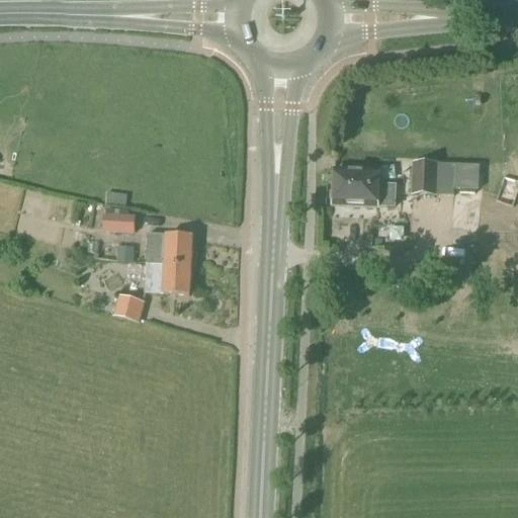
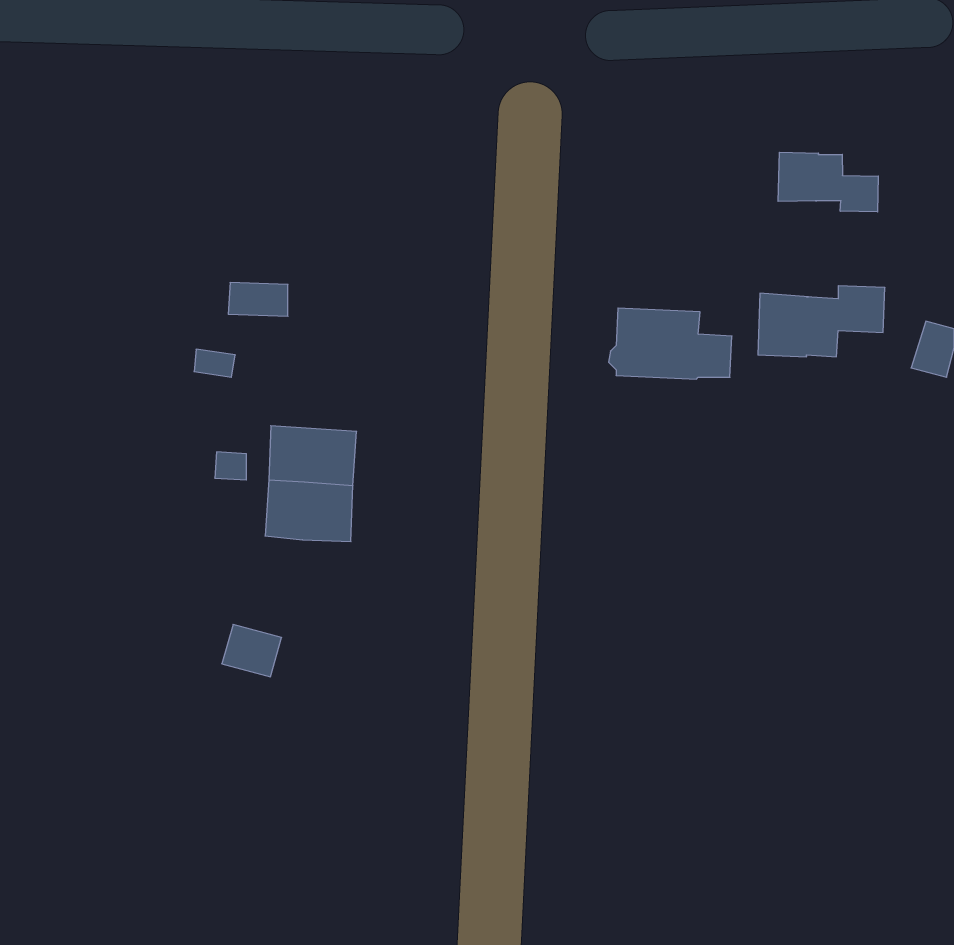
building: none -> [778,152,878,212]
building: [102,212,135,231] -> [228,283,288,316]
building: [112,292,145,321] -> [222,624,282,677]

